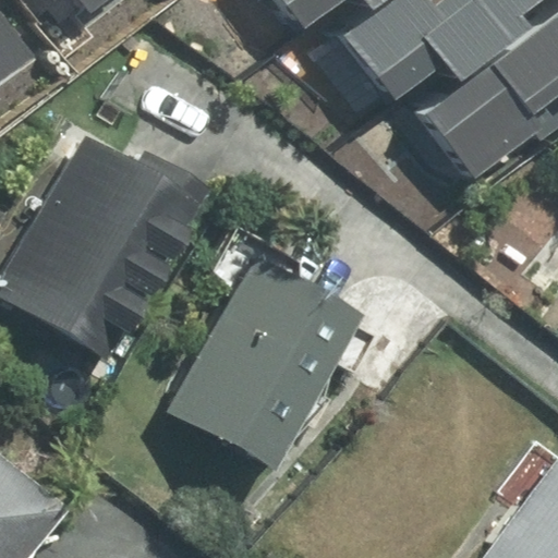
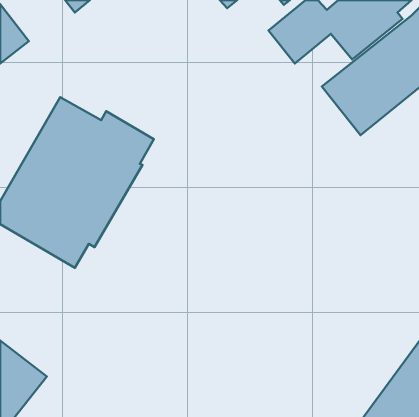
building: [167,253,363,468] -> none

